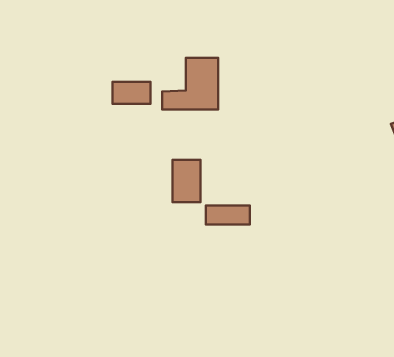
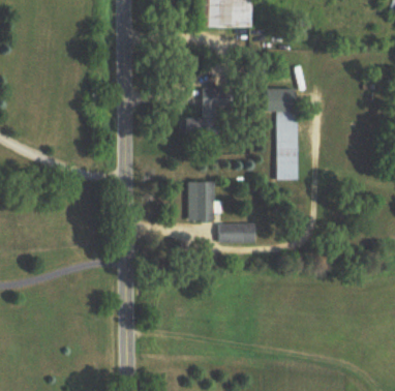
building: none -> [261,89,296,181]
building: [112,82,151,104] -> none

